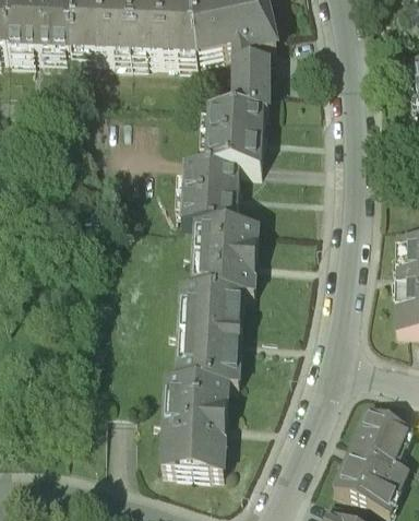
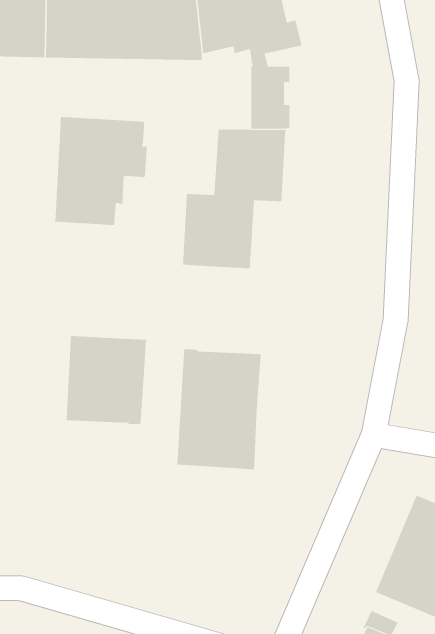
building: none -> [55,116,147,226]
building: [195,220,260,291] -> [66,335,147,425]
building: [163,377,229,471] -> none

